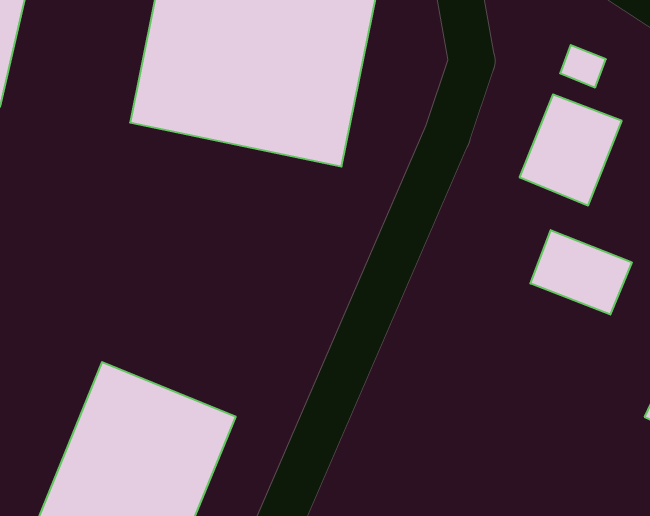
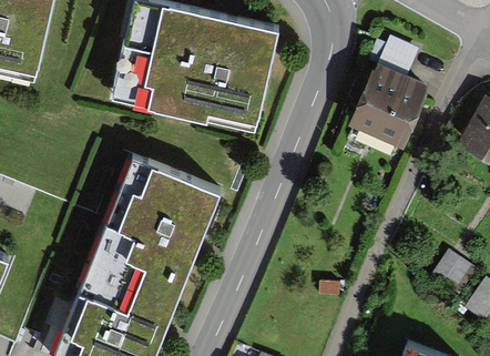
building: none -> [96,142,225,284]
building: [530,230,632,315] -> none

